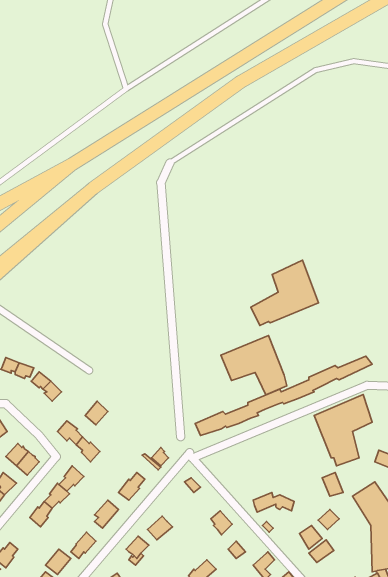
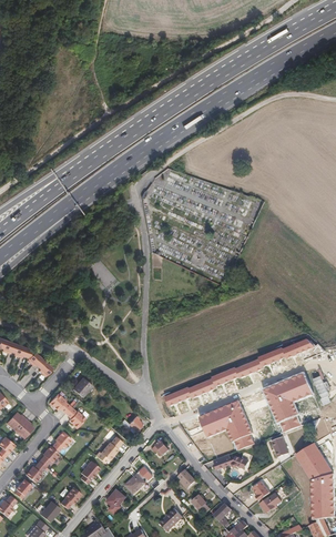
building: [251,260,319,325] -> none
building: [221,335,287,395] -> [200,401,255,450]

